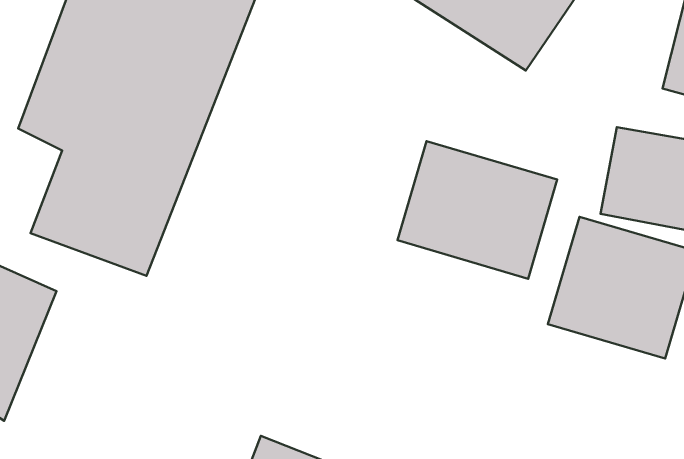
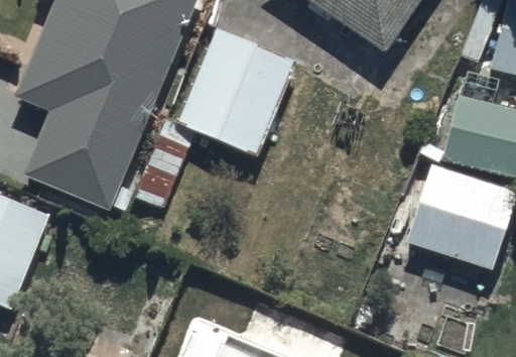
building: none -> [179,25,294,153]
building: [398,141,557,279] -> none

